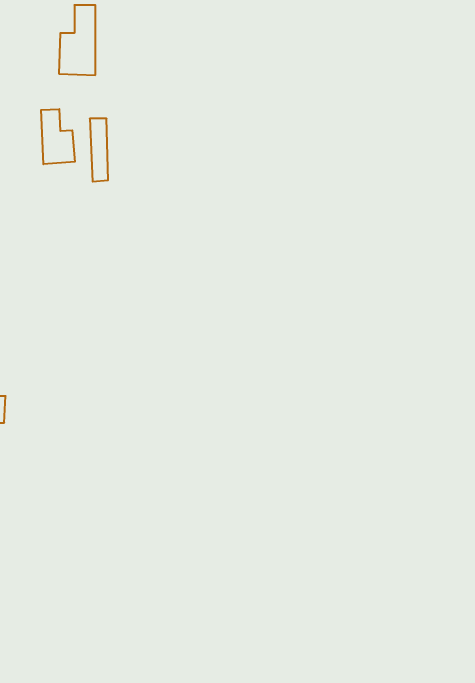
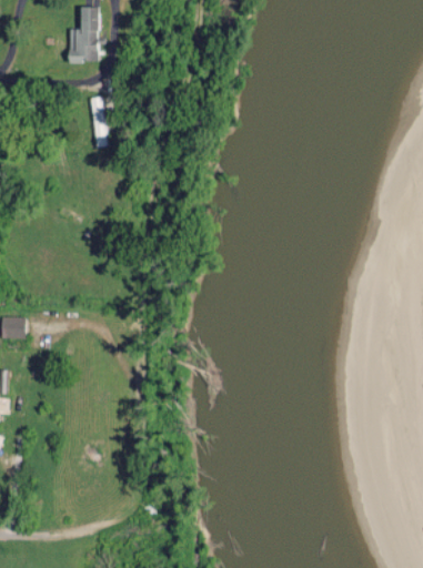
building: [41,109,75,164] -> none

